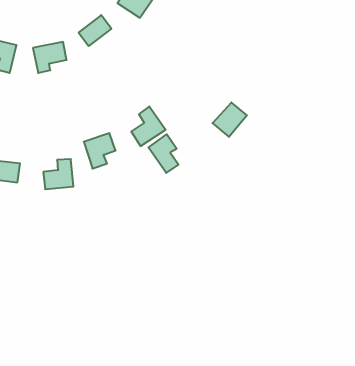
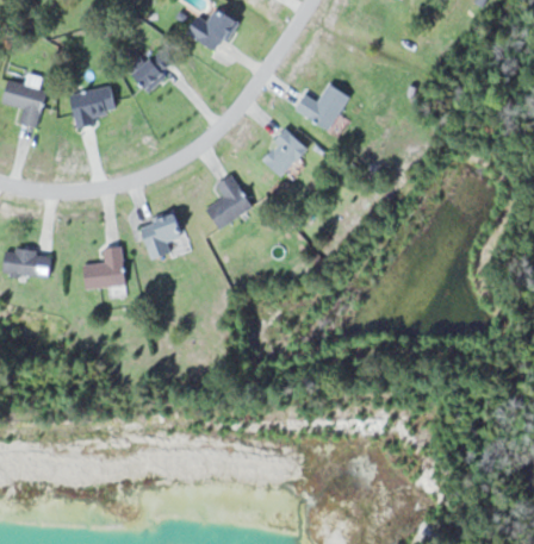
building: none -> [296,83,350,131]
building: [212,102,247,137] -> [260,130,308,177]
building: [148,134,178,173] -> none

